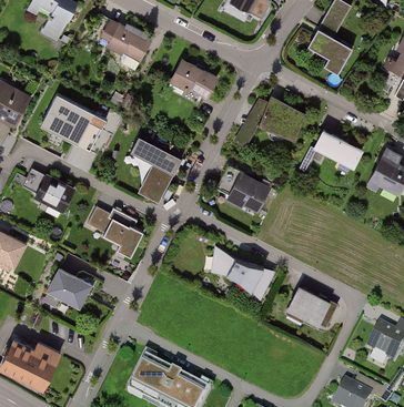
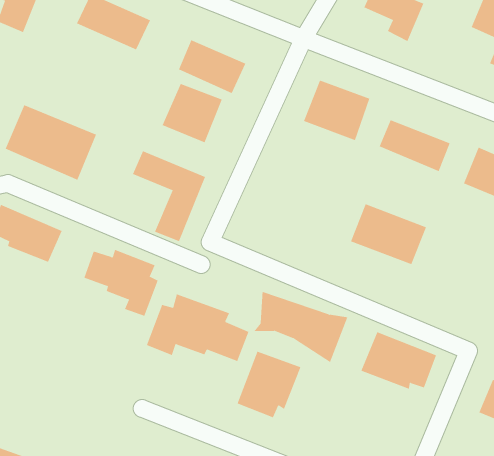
building: none -> [162,83,222,143]
building: [214,166,271,214] -> [350,203,427,265]
building: none -> [146,294,249,362]
building: [43,265,91,309] -> none
building: none -> [237,351,301,418]

